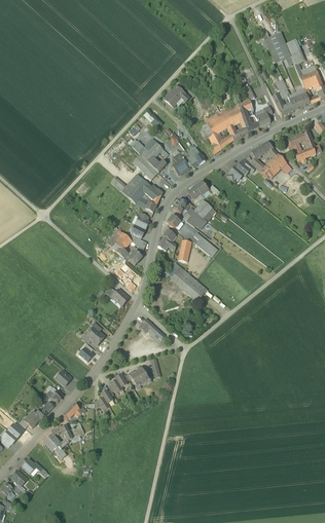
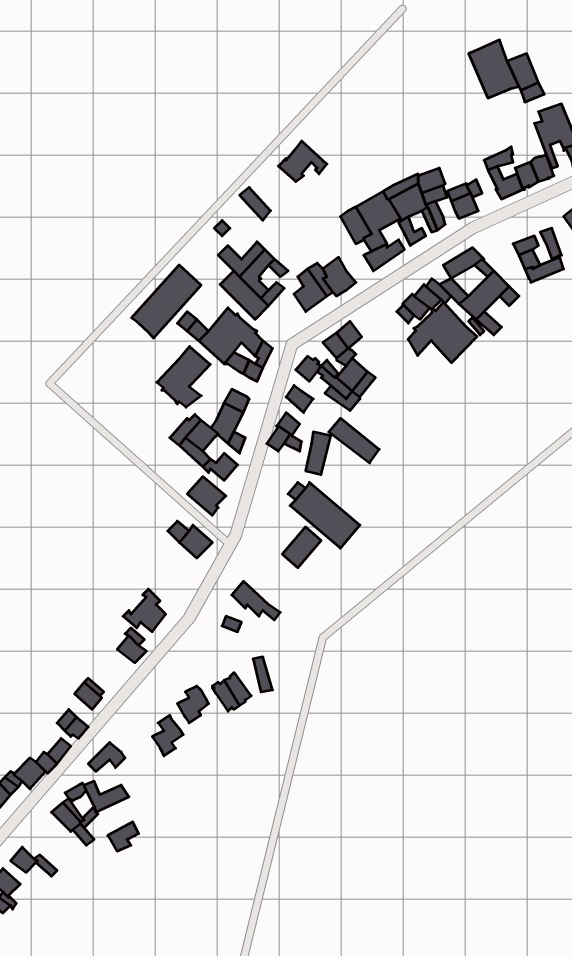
building: none -> [132,265,201,338]
building: none -> [408,302,477,363]
building: none -> [157,346,210,407]

